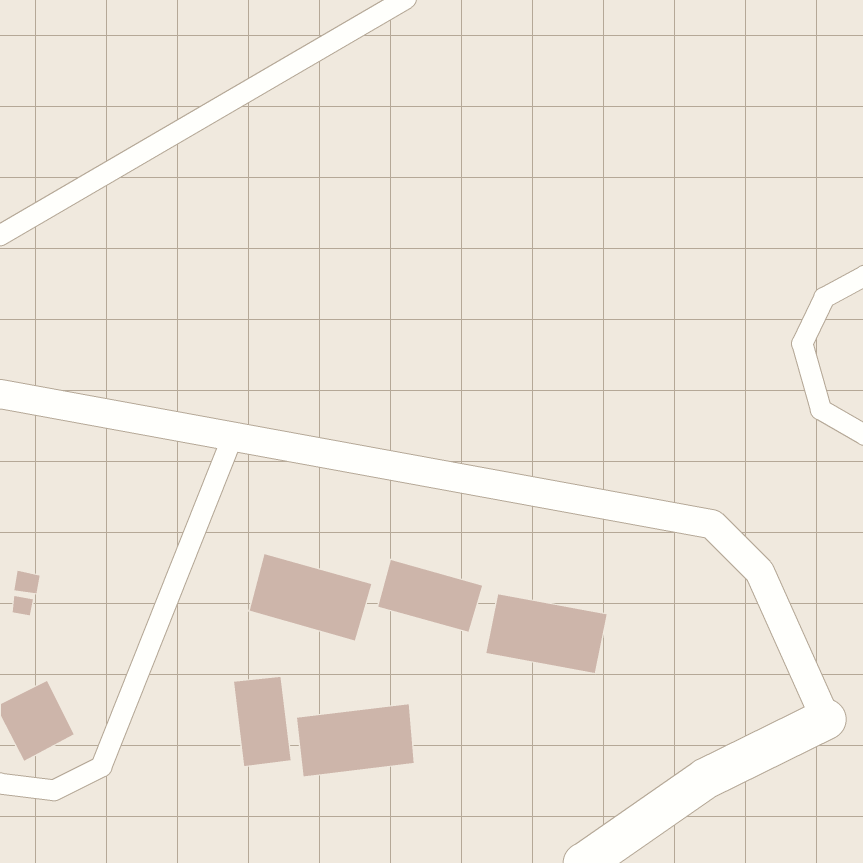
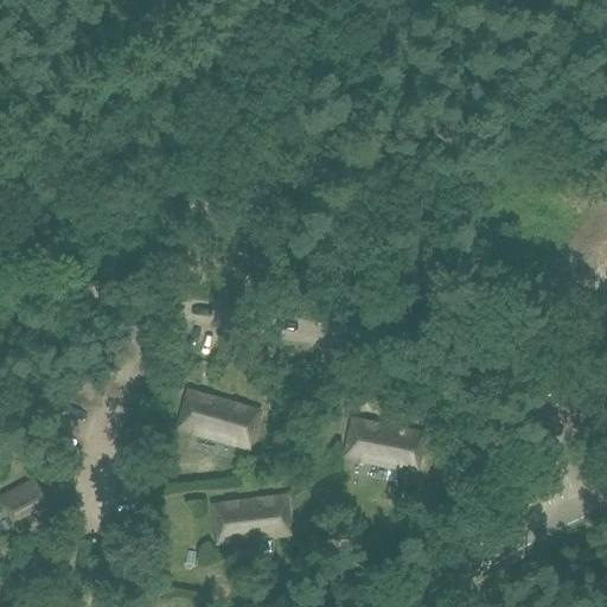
building: [378,559,483,632] -> none
building: [234,676,291,767] -> none

